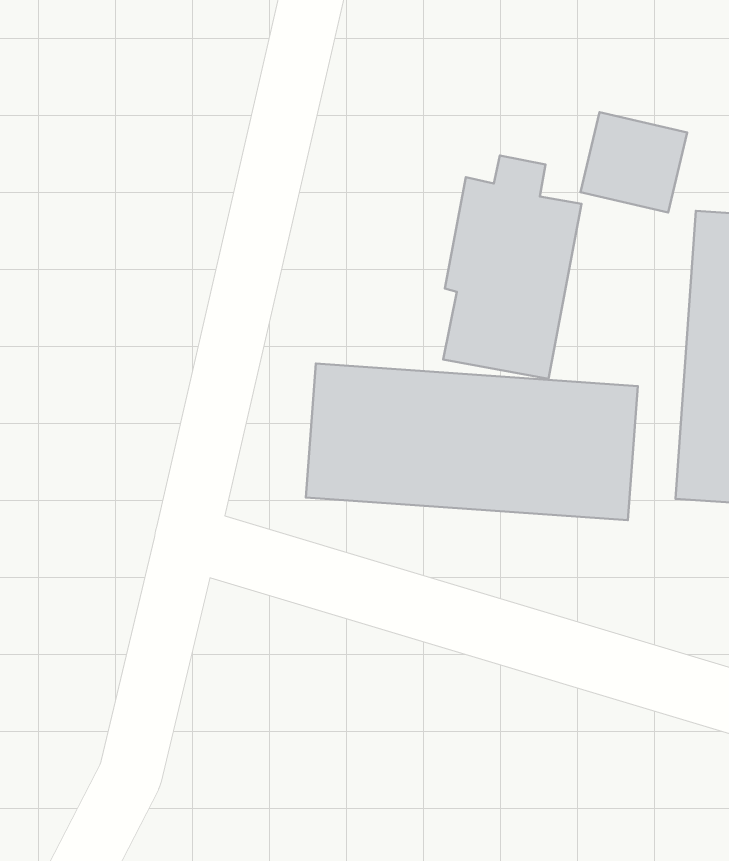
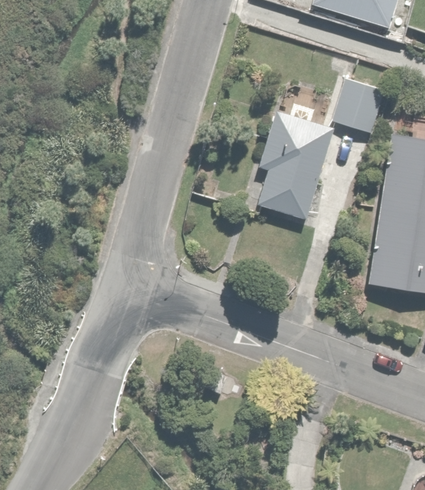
building: [306,364,638,520] -> none

